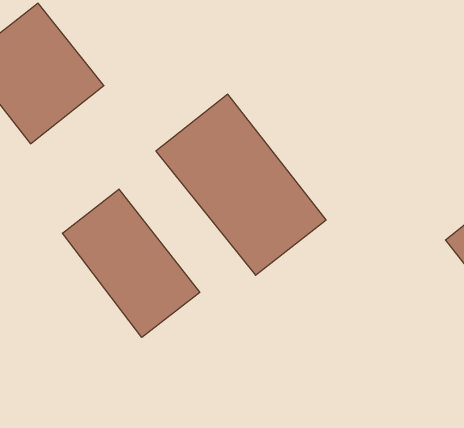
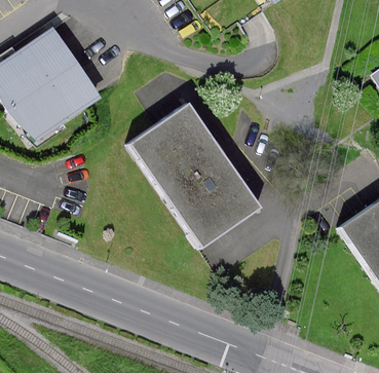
building: [62,189,200,337] -> none

